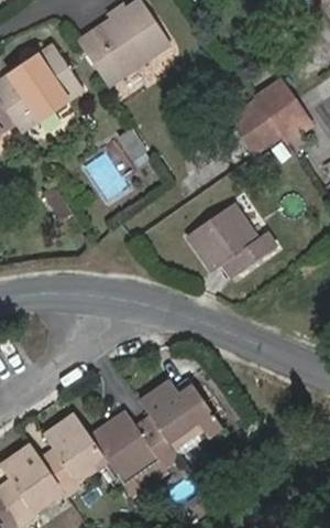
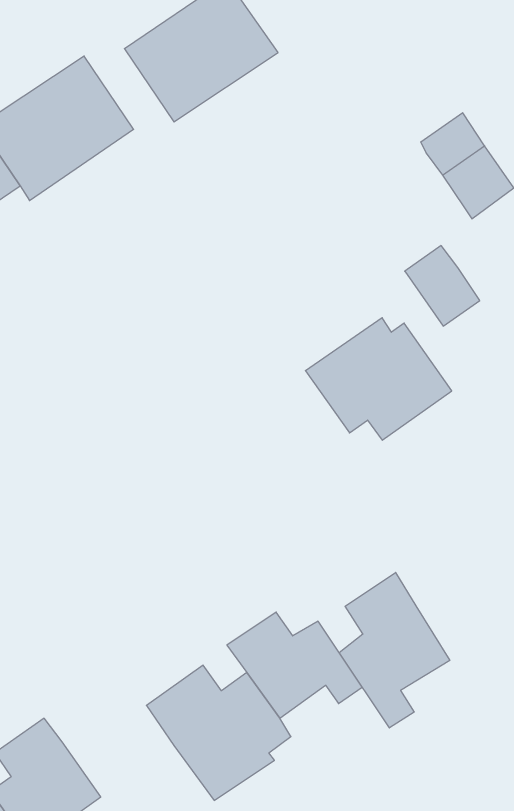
building: [237,104,282,152] -> [405,246,480,326]
building: none -> [339,572,450,728]
building: [40,412,107,495] -> none

